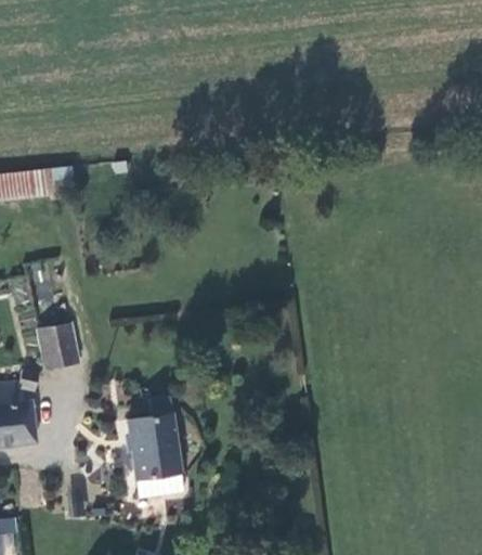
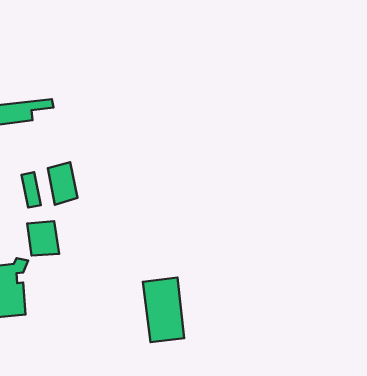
building: none -> [48,162,77,205]
building: [128,414,181,498] -> [143,278,184,342]

